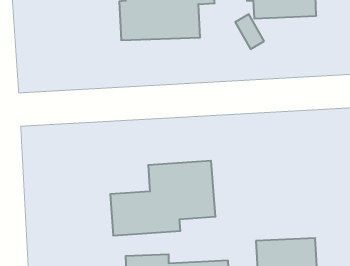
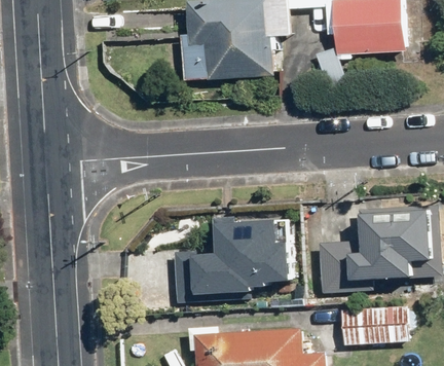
building: none -> [314,204,436,290]

